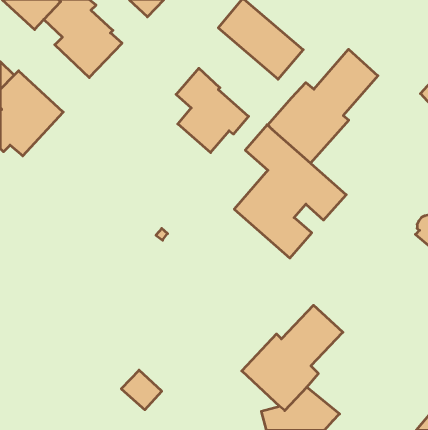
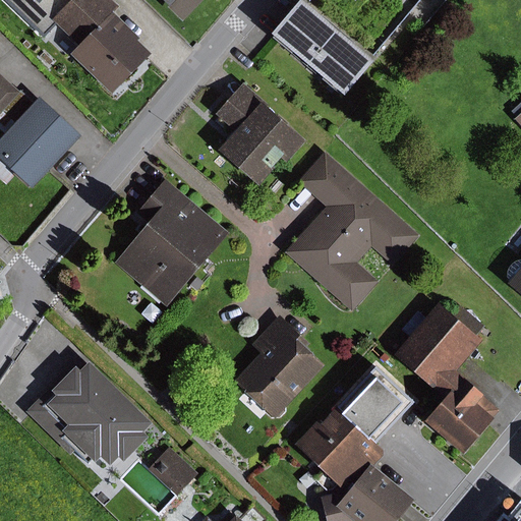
building: [268,49,378,163] -> none
building: none -> [112,178,229,306]
building: none -> [393,302,500,454]
building: none -> [236,315,325,419]
building: none -> [26,360,151,465]

